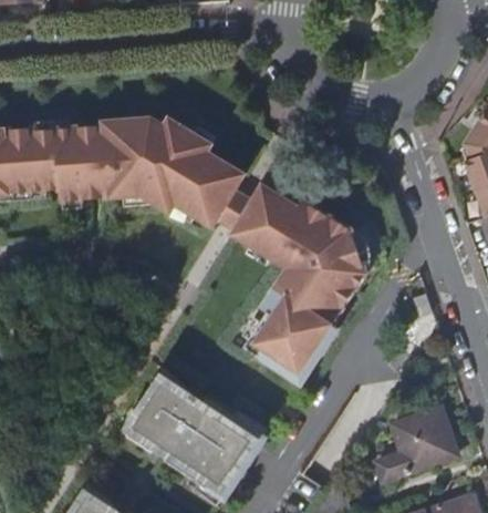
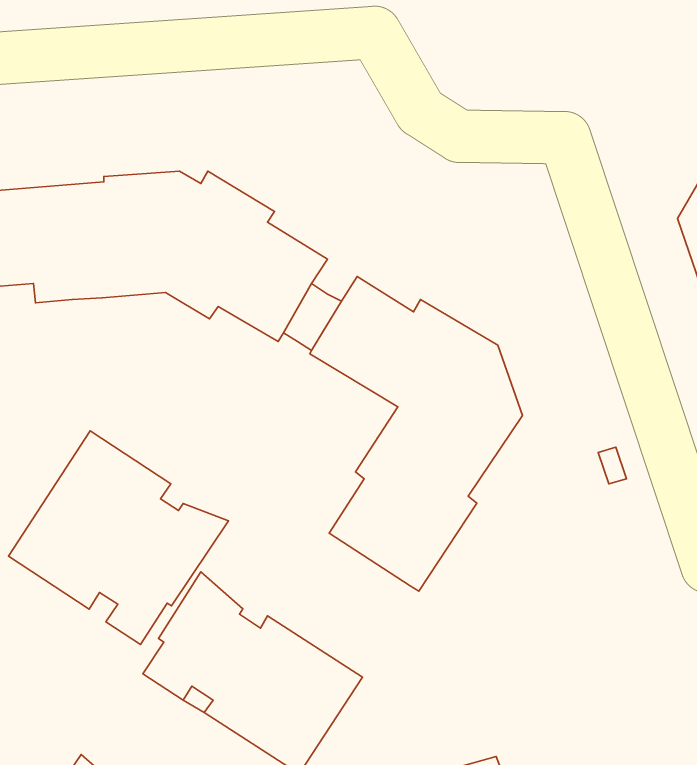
building: none -> [9,431,228,644]
building: [374,408,454,479] -> none

